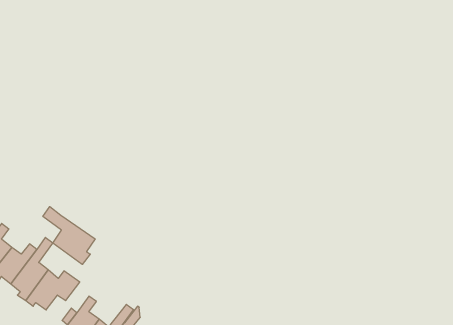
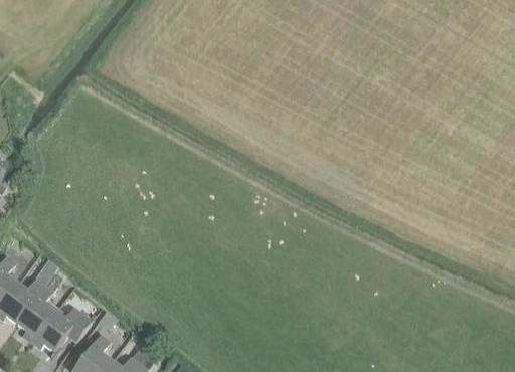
building: [43,207,95,264] -> none

